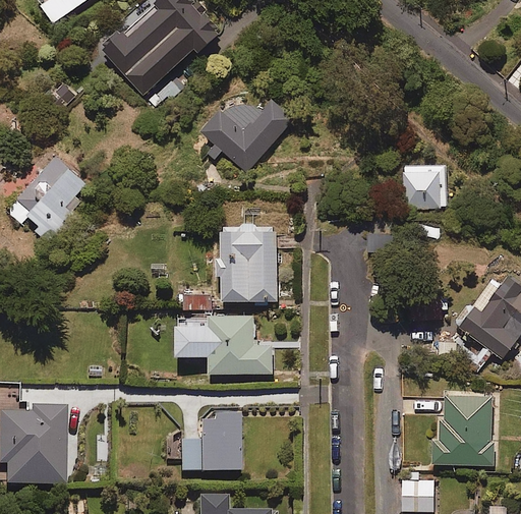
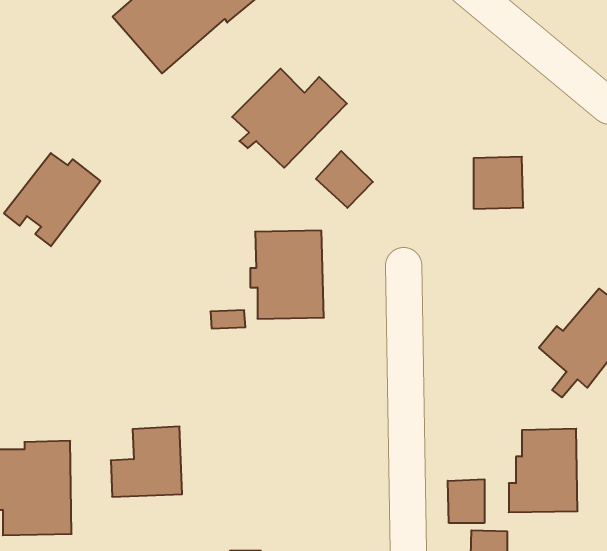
building: none -> [316,151,373,208]
building: [176,315,272,374] -> none
building: [180,413,240,472] -> [111,427,182,497]
building: none -> [448,479,484,523]

